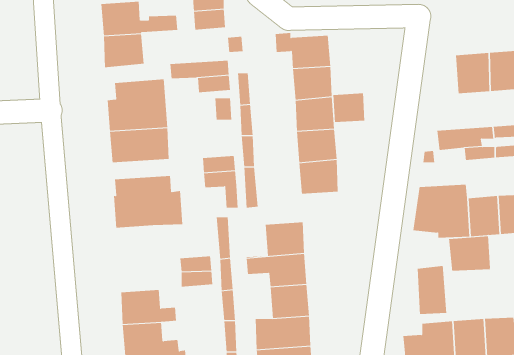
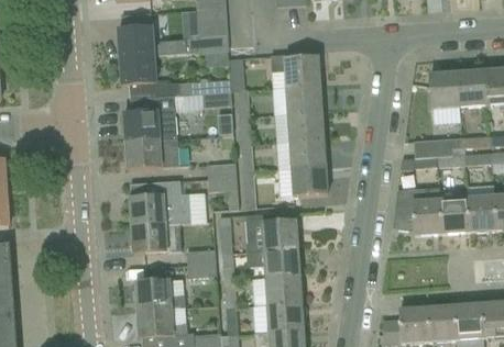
building: [333,92,365,123] -> none
building: none -> [131,223,165,253]
building: [448,235,491,272] -> none
building: [417,265,447,315] -> none

